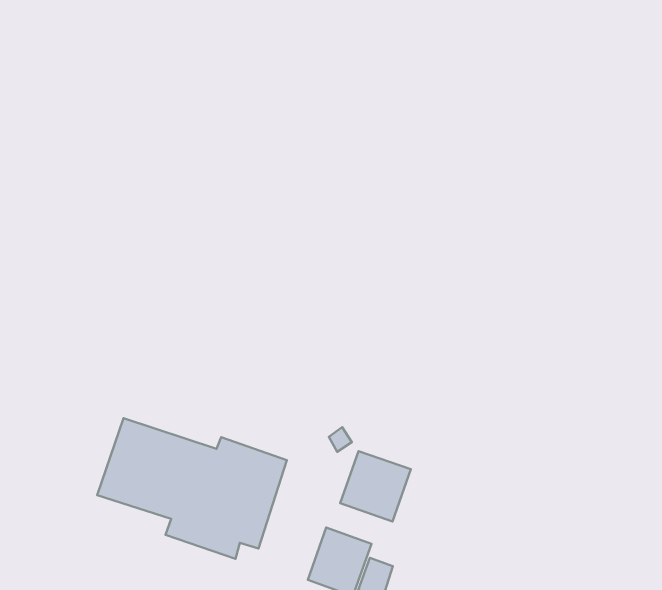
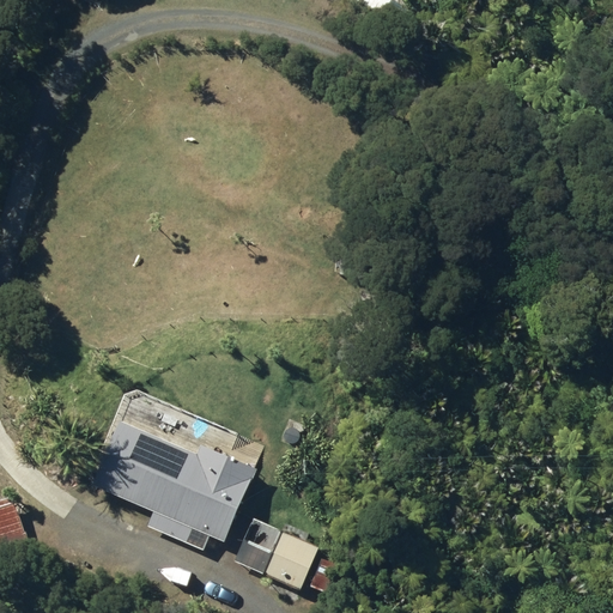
building: [340,451,411,521] -> none

